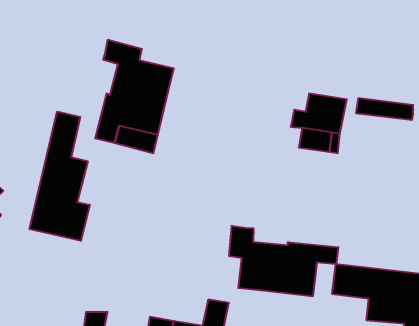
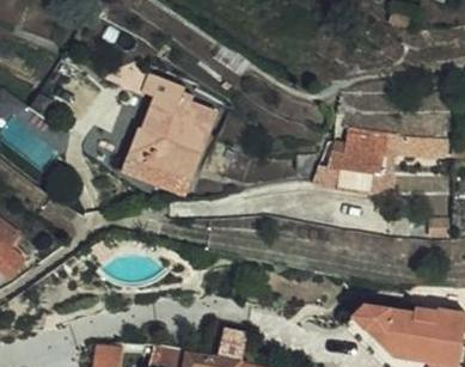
building: [30,112,90,241] -> none
building: [229,226,338,296] -> none

